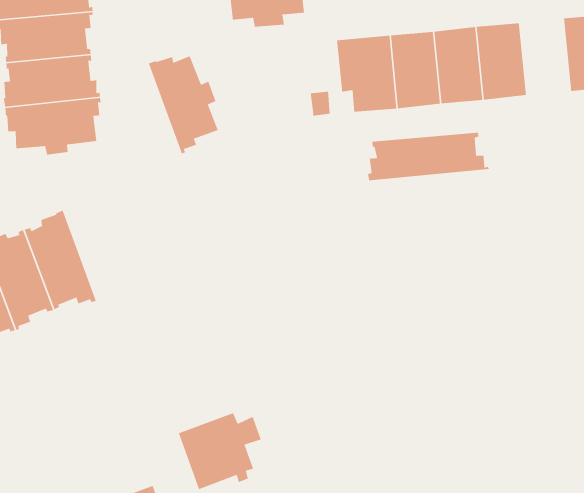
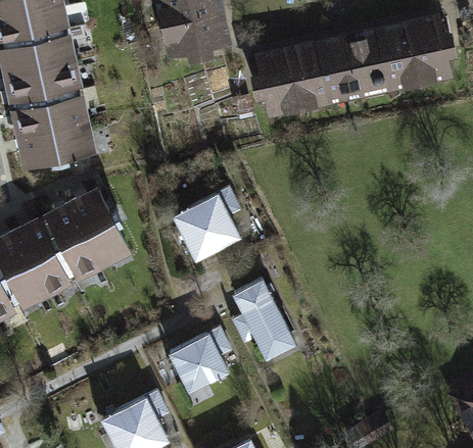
building: none -> [378,27,420,85]
building: [148,55,219,155] -> [69,195,126,266]
building: [367,132,490,181] -> none
building: none -> [174,189,239,259]
building: none -> [234,281,294,358]

